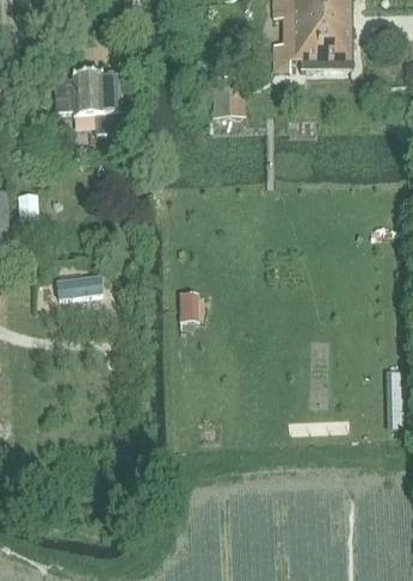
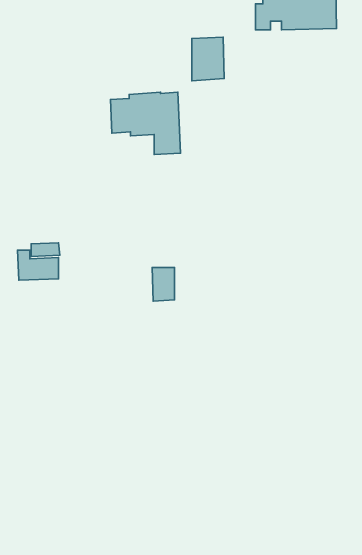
building: [55,75,122,135] -> [111,92,180,154]

